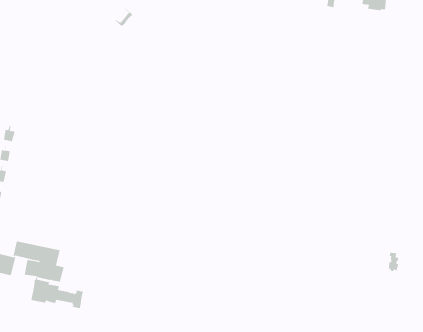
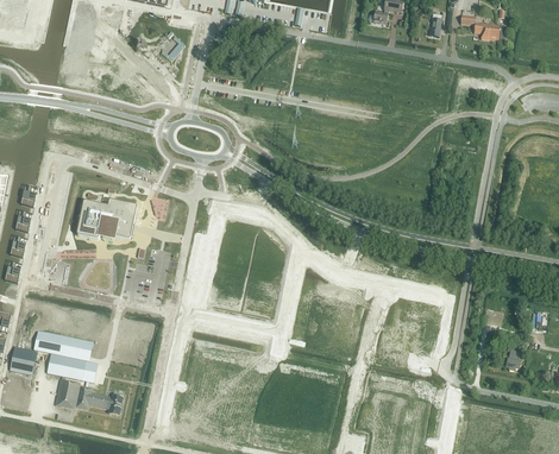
building: none -> [76,201,136,240]

